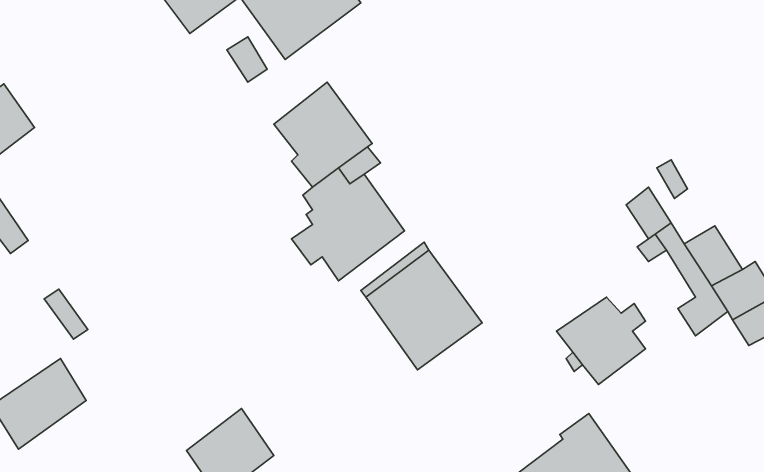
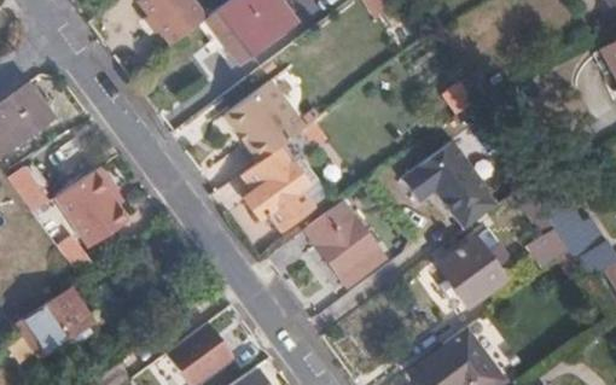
building: none -> [402,141,499,231]
building: none -> [53,168,126,247]

